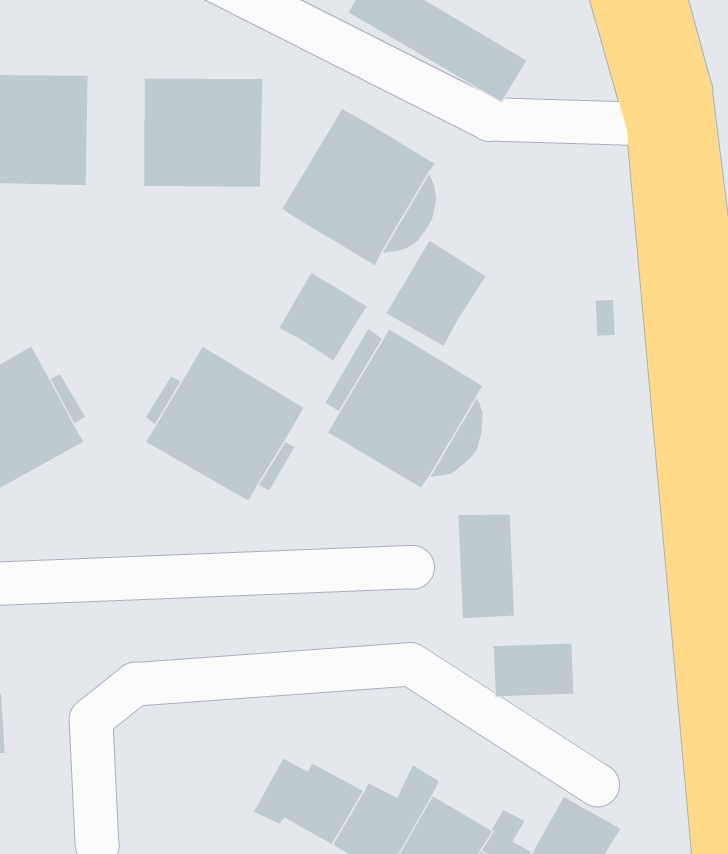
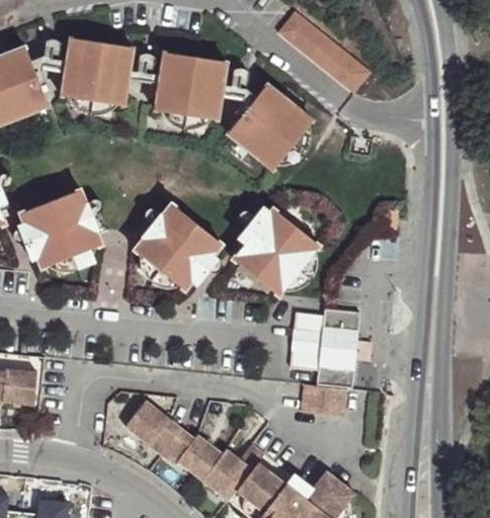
building: [385,240,486,346] -> none
building: [279,272,368,361] -> none
building: none -> [315,310,359,388]
building: none -> [124,399,181,454]

